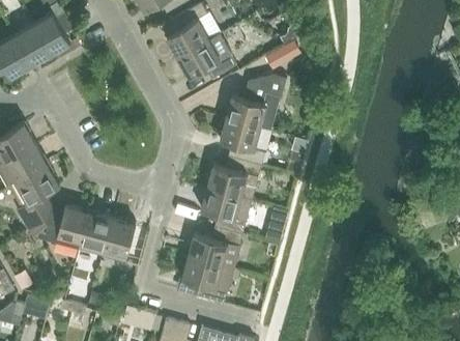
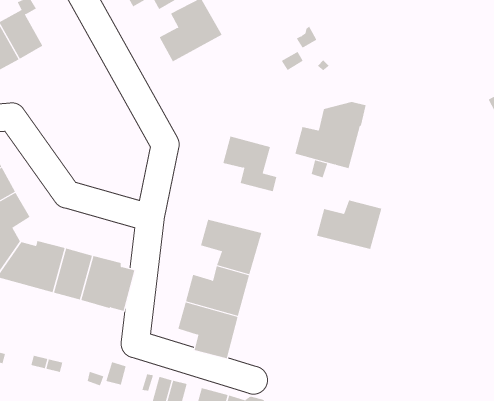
building: [177,34,236,80] -> none
building: [225,75,285,131] -> [294,101,367,169]
building: [206,158,261,199] -> [316,200,382,250]

